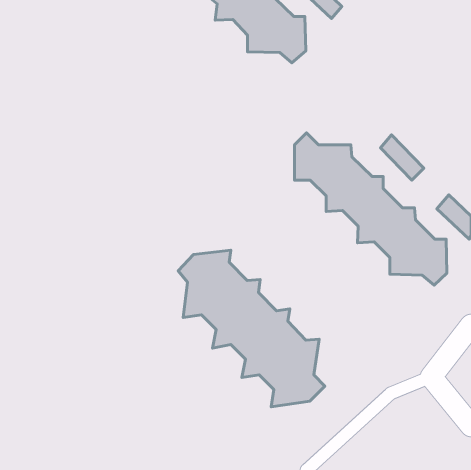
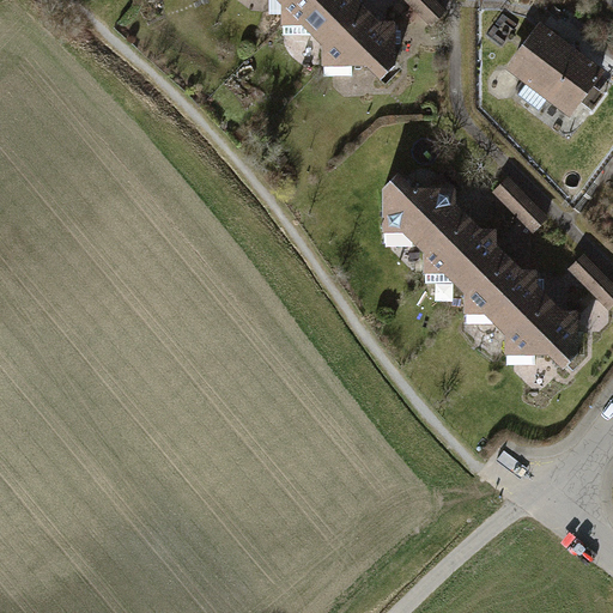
building: none -> [509,23,606,114]
building: [178,250,325,407] -> none

